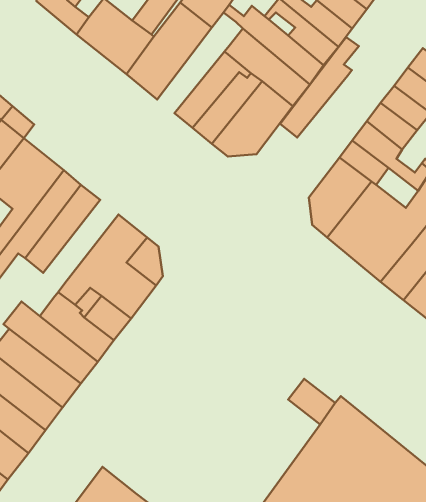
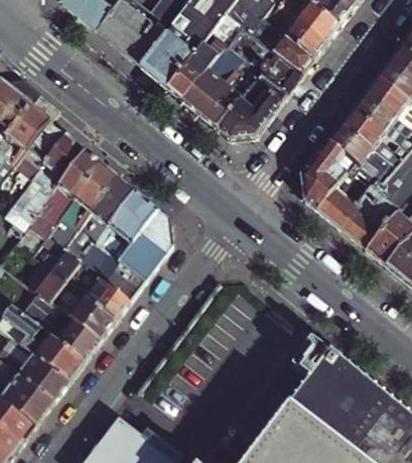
building: [280,37,359,137] -> [166,12,236,101]
building: none -> [46,178,132,280]

